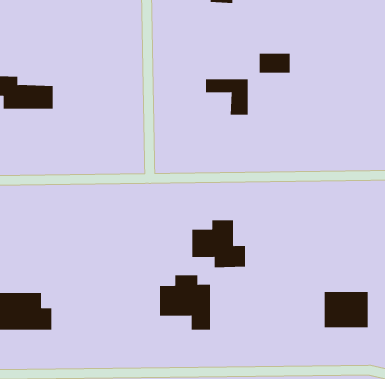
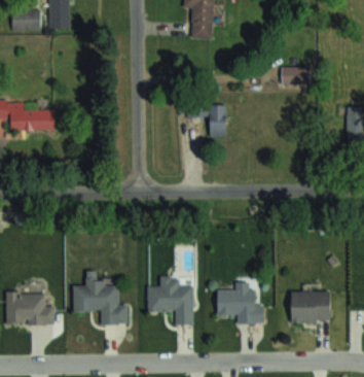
building: [259,53,291,73] -> [282,67,310,84]
building: [192,220,246,268] -> [217,282,264,324]
building: none -> [73,271,128,324]

